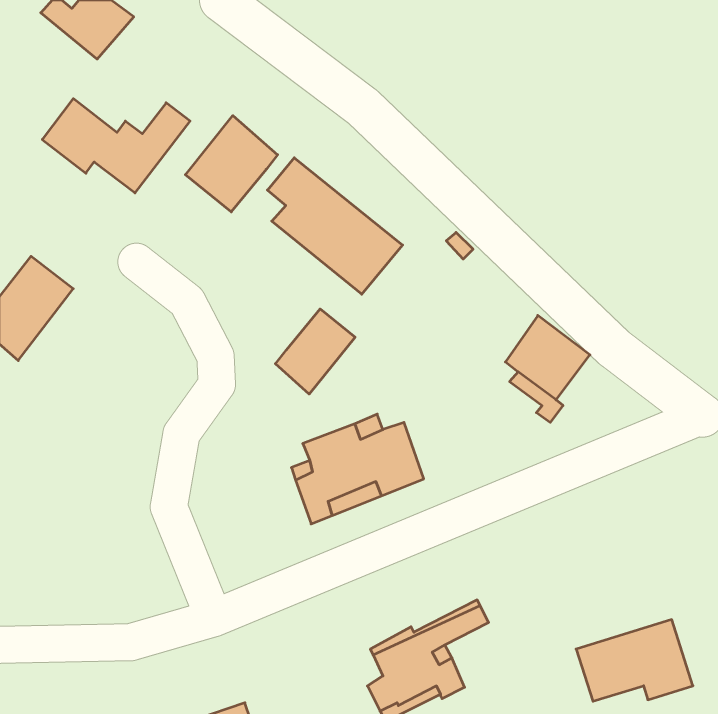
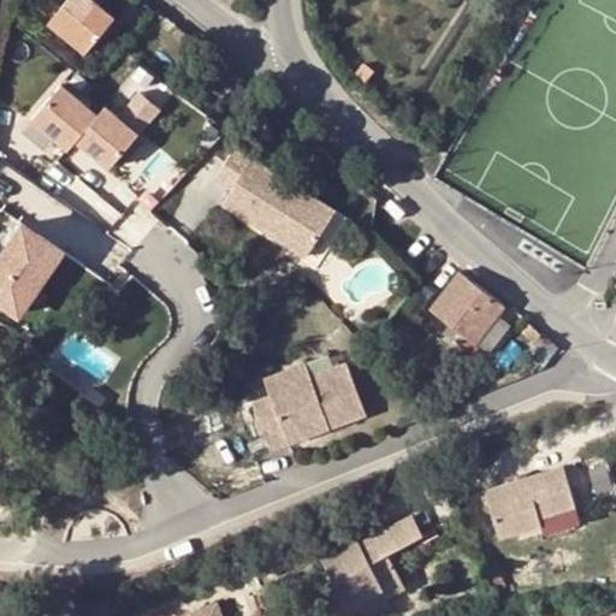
building: [185,116,278,212] -> none
building: [275,309,355,394] -> none
building: [576,620,693,701] -> [480,468,580,538]

